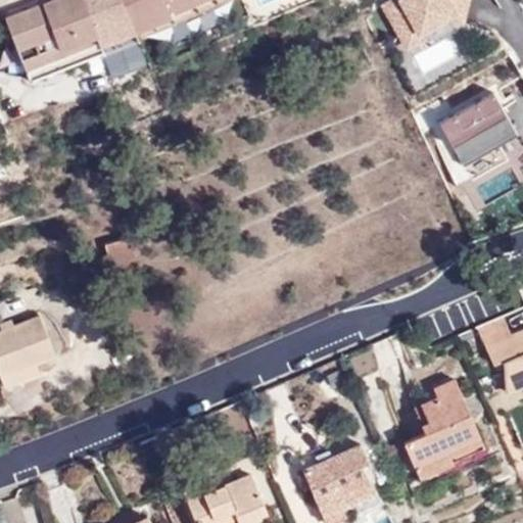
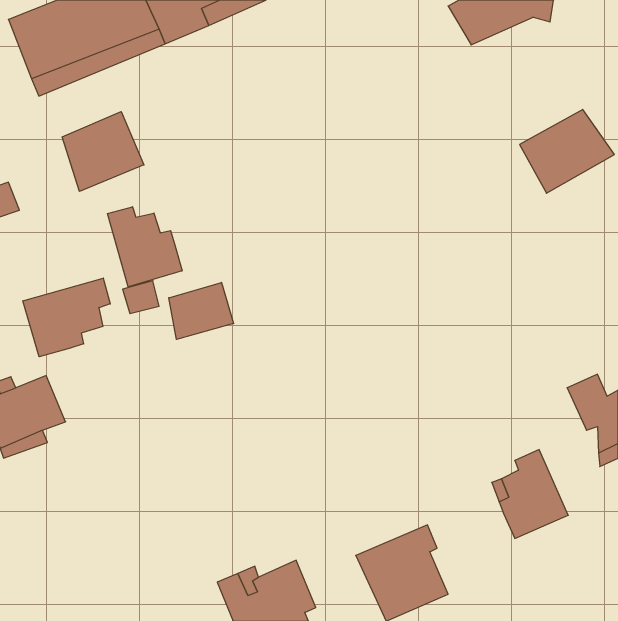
building: none -> [62,112,144,191]
building: none -> [108,207,182,287]
building: none -> [23,278,110,357]
building: none -> [169,282,234,339]
building: [405,432,483,474] -> none

